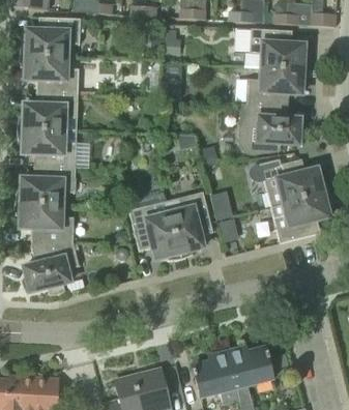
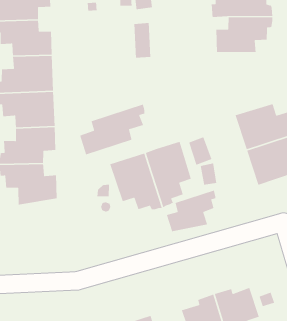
building: [240,102,304,152] -> none
building: none -> [79,104,145,156]
building: [21,241,79,294] -> none
building: none -> [166,190,216,232]

